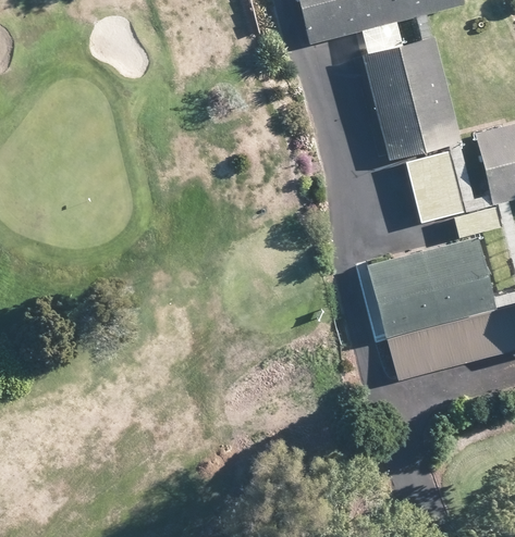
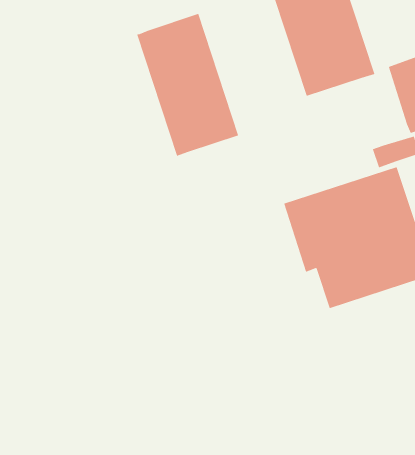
building: none -> [136,13,239,157]
building: [405,149,465,222] -> none

